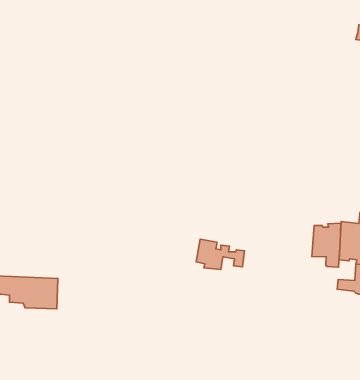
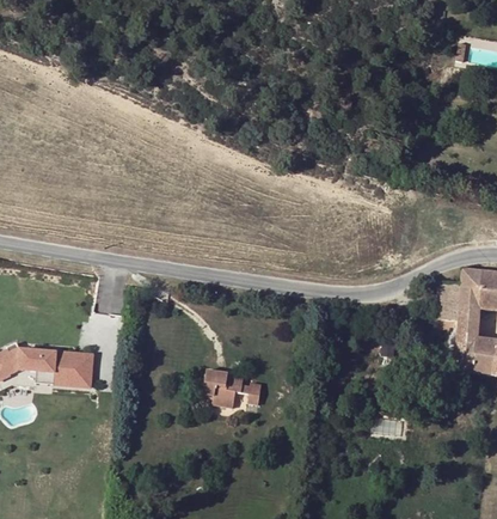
building: [312,223,341,267] -> none
building: [196,239,244,270] -> [203,370,262,407]

